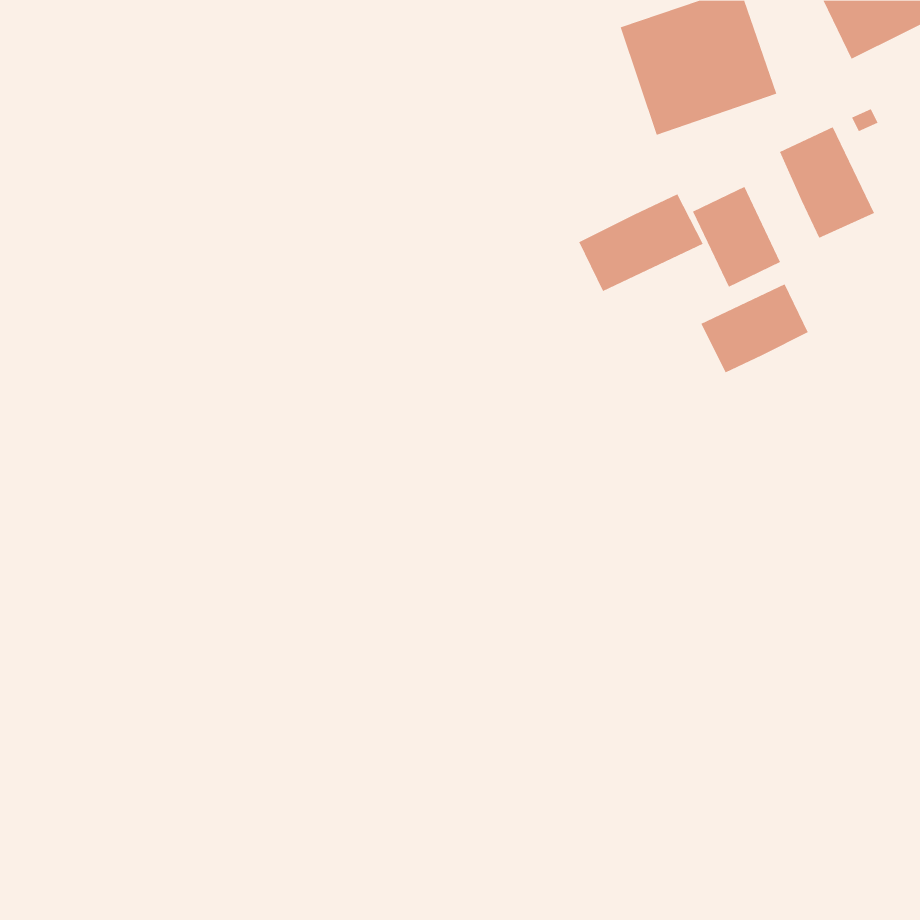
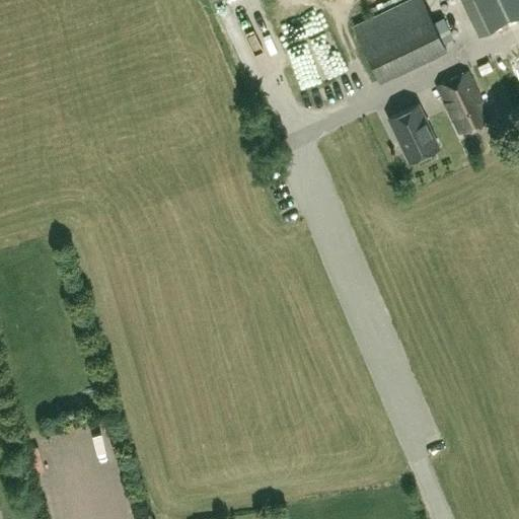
building: [579,193,703,292] -> none
building: [700,283,808,373] -> none

